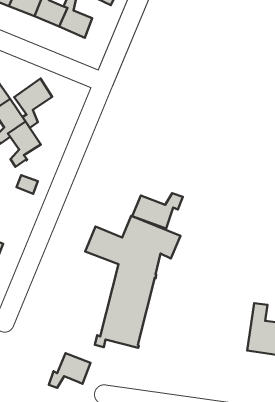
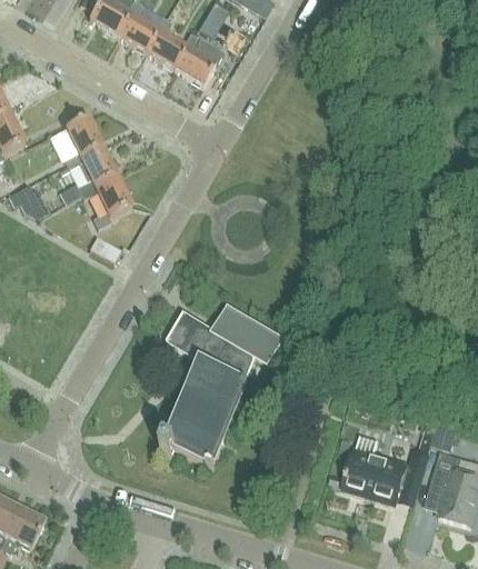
building: [14,79,52,128] -> none
building: [132,193,183,228] -> none
building: [49,353,90,388] -> none

